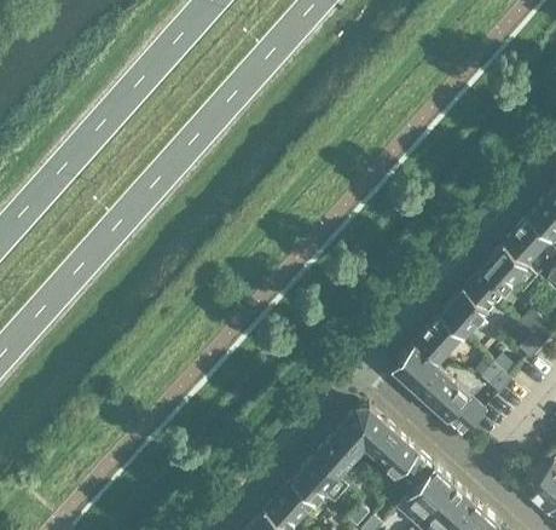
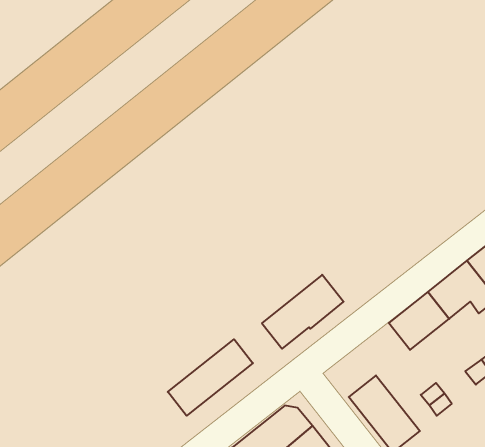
building: [392,316,464,391] -> [262,275,344,349]
building: none -> [168,339,253,416]

